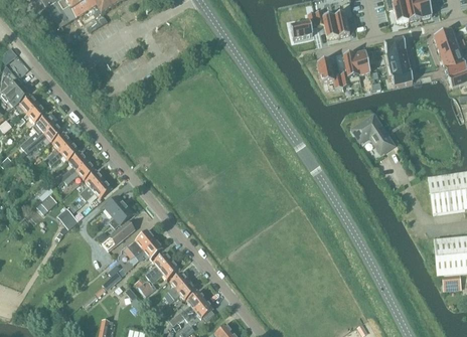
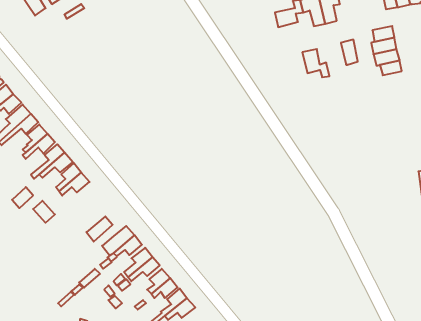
building: [339,54,360,87] -> none
building: [352,116,393,153] -> none
building: [104,195,133,228] -> none

